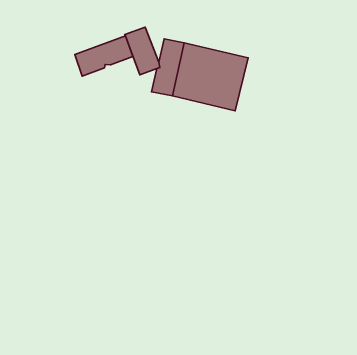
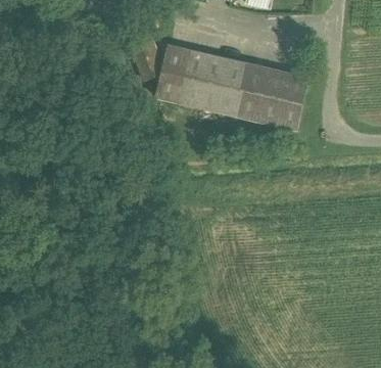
building: [75,36,133,76] -> none
building: none -> [235,63,307,129]

